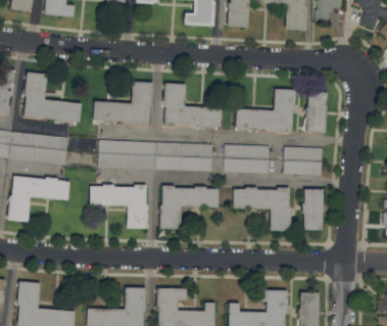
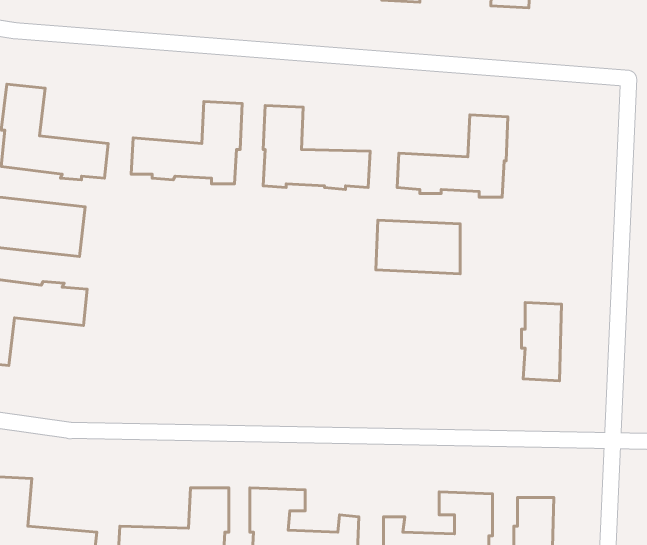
building: [304,91,327,133] -> none
building: [98,140,212,171] -> none
building: [284,146,321,174] -> none
building: [89,184,148,228] -> none
building: [159,185,217,229] -> none
building: [232,187,290,231] -> none

